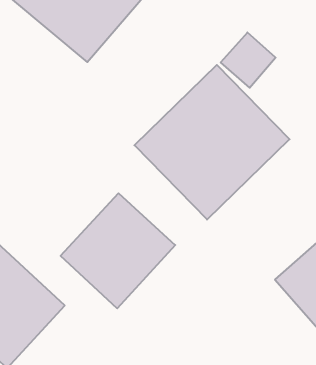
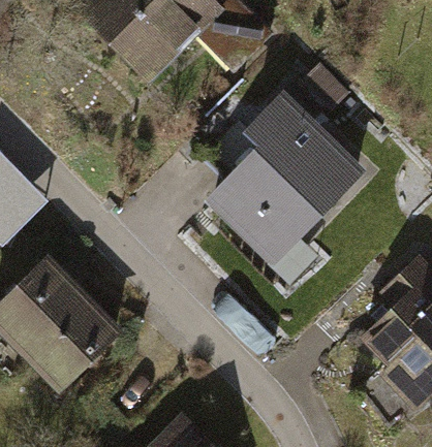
building: [61,193,175,308] -> none

